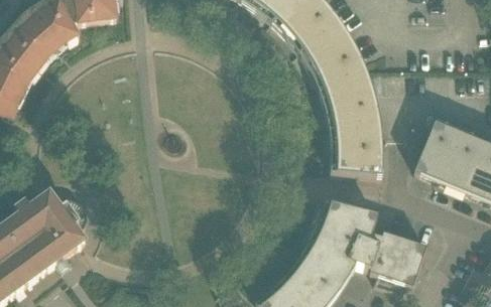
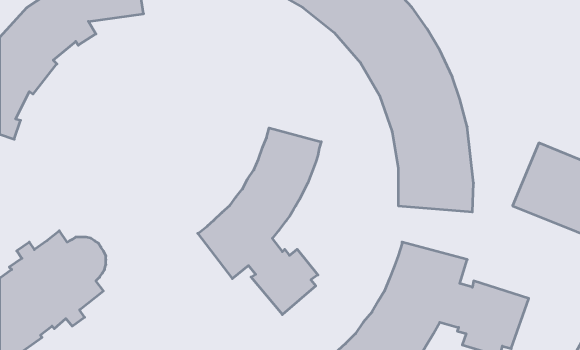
building: none -> [198,128,321,315]

